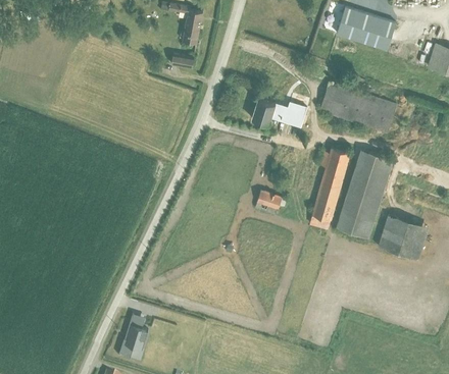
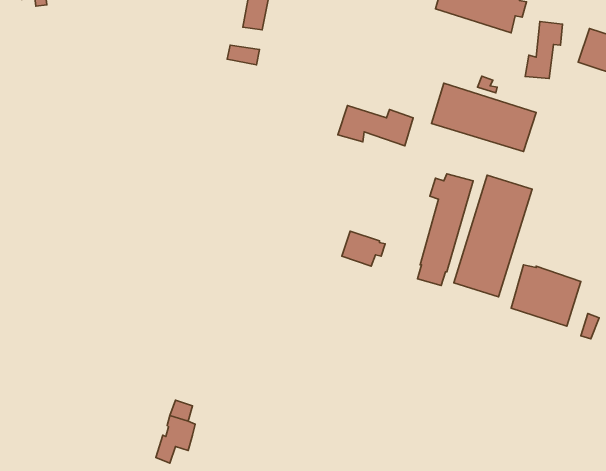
building: none -> [525,22,563,79]

